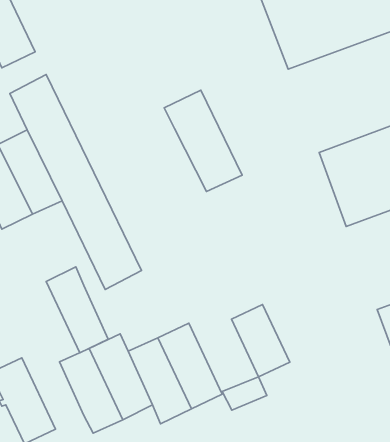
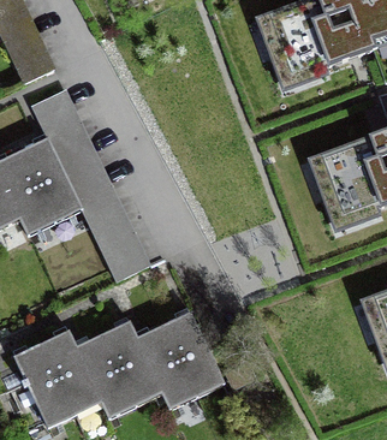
building: [164,90,242,192] -> none
building: [46,267,108,353] -> [42,329,97,406]
building: [231,305,290,377] -> none

